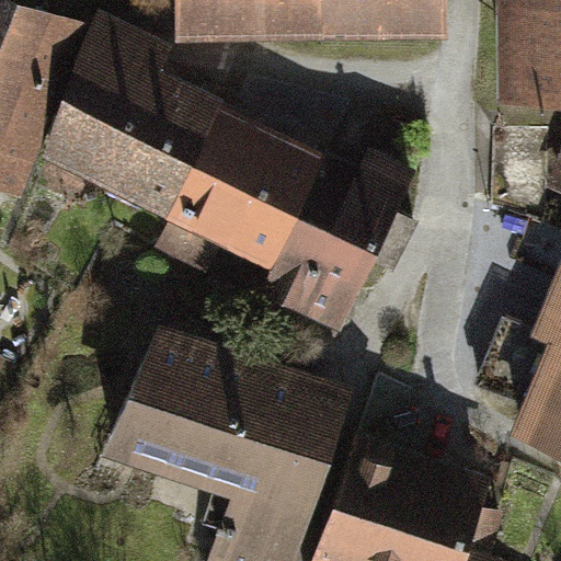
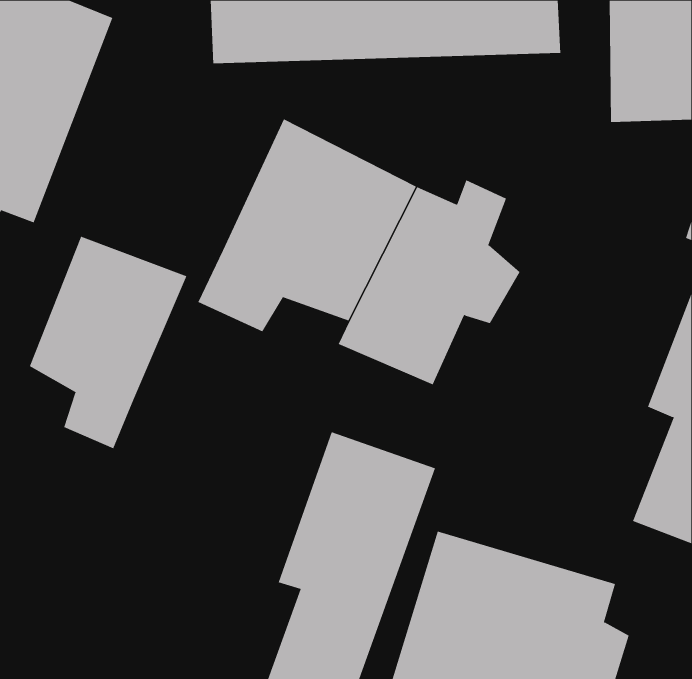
building: [53,38,227,215] -> none
building: none -> [29,236,187,449]
building: [123,325,266,482] -> none

